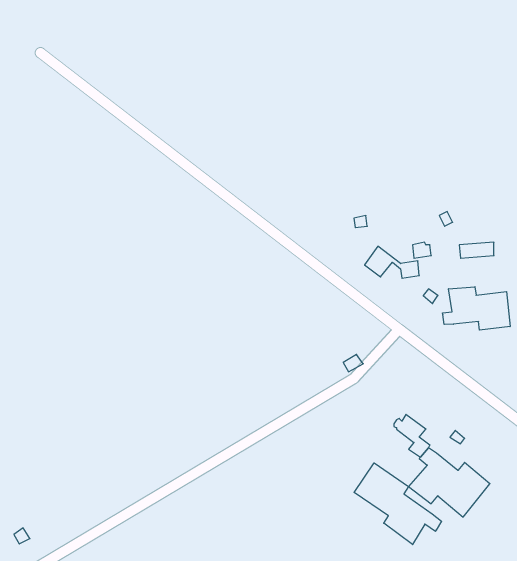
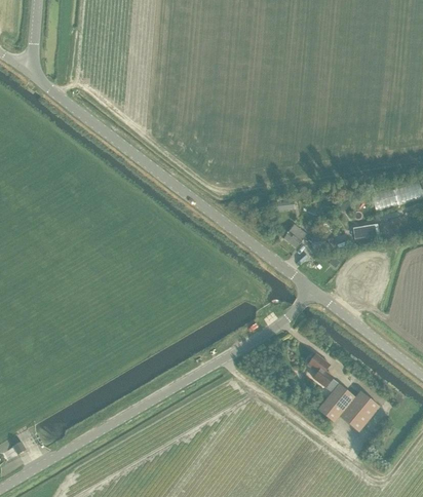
building: [443,287,510,330] -> none
building: [354,463,442,545] -> none

